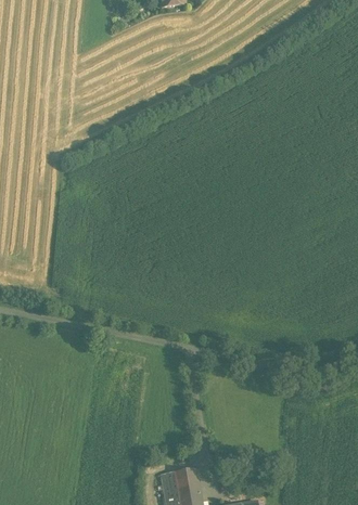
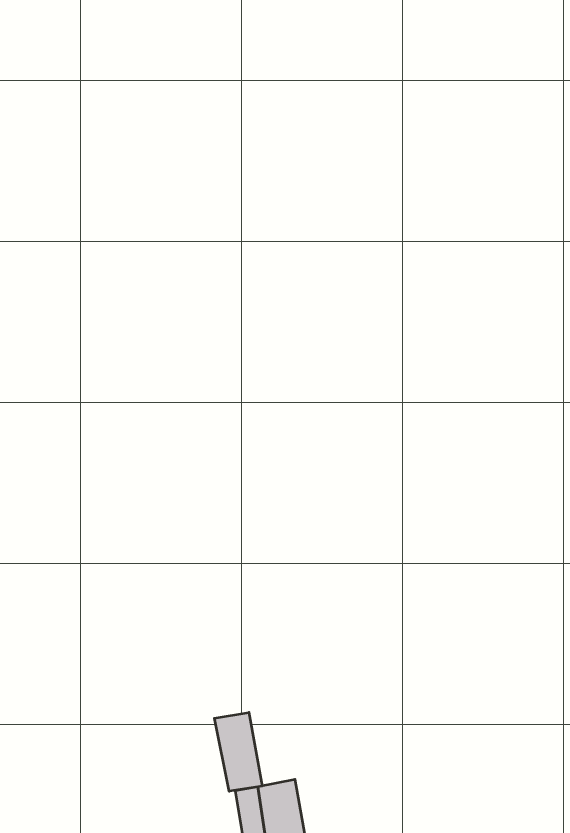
building: none -> [214,712,262,791]

